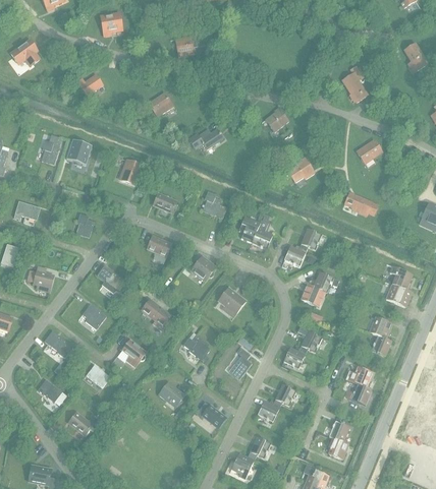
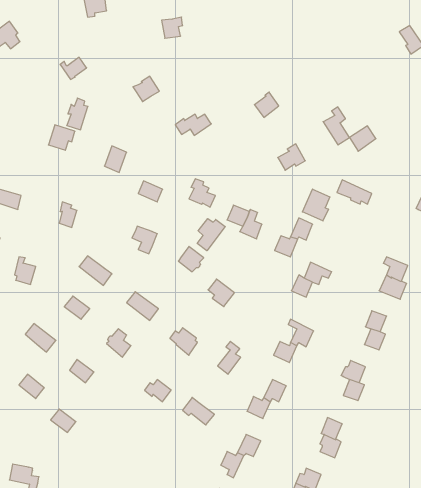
building: [342,65,368,102] -> [323,107,350,145]
building: [41,133,61,164] -> [67,98,88,130]
building: none -> [302,189,330,221]
building: none -> [197,219,225,251]

